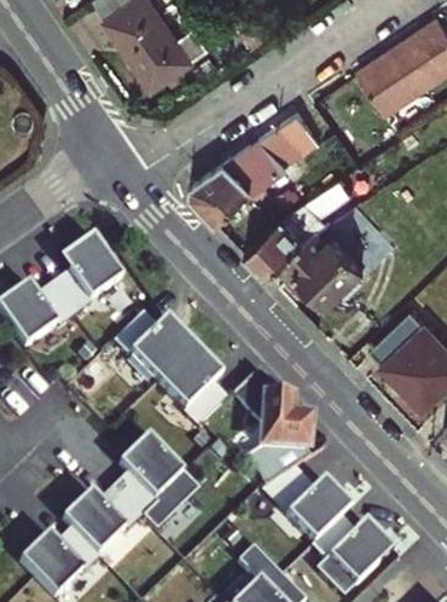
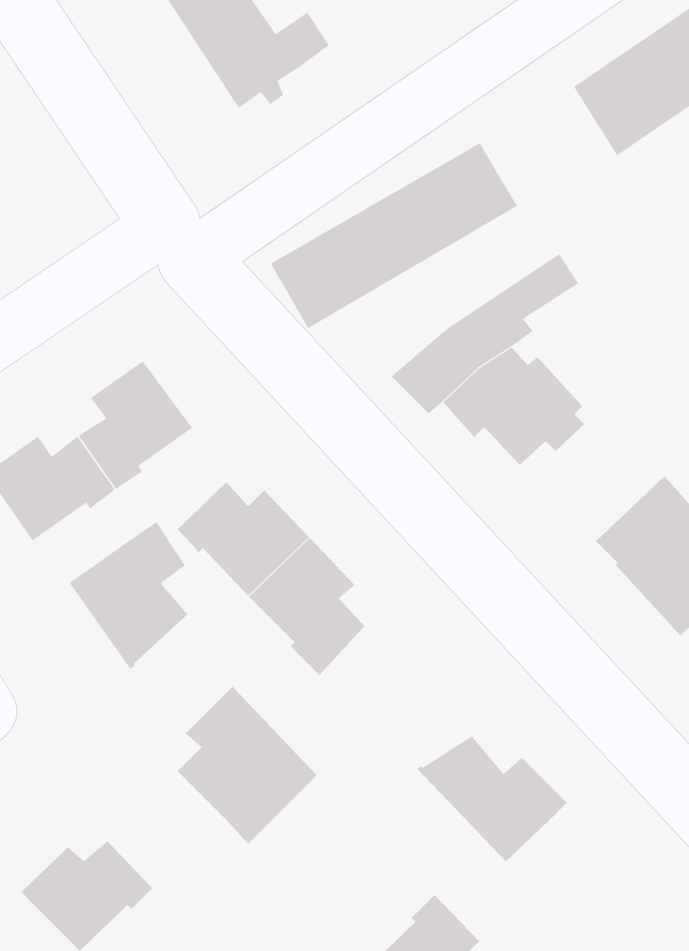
building: none -> [69,521,188,670]
building: [234,366,309,485] -> none
building: [63,487,144,556] -> none
building: [313,517,394,585] -> none

